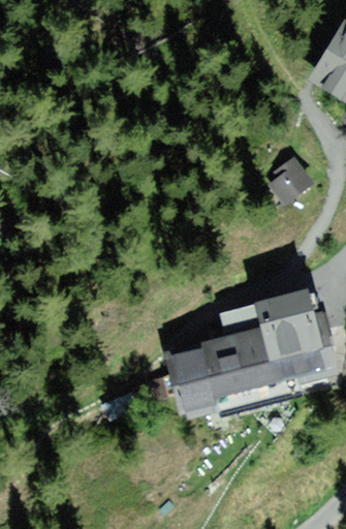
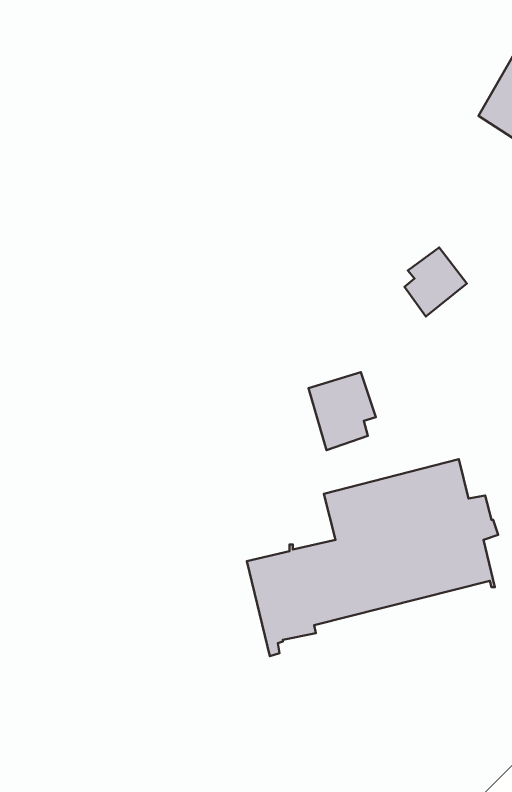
building: none -> [309,372,376,450]

